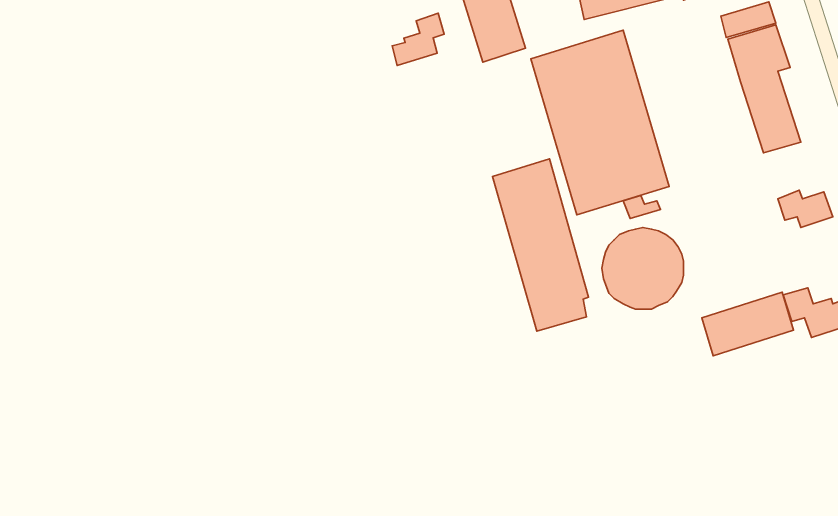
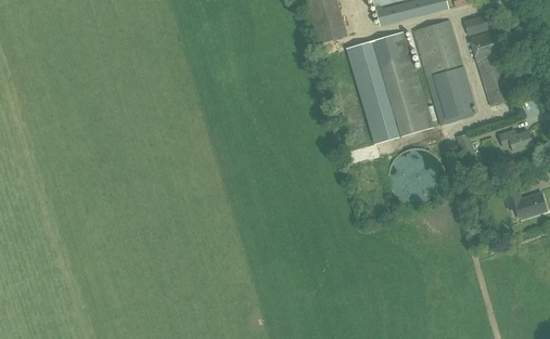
building: [392,13,444,66] -> none
building: [492,159,588,331] -> [413,17,472,122]
building: [702,292,793,356] -> none

